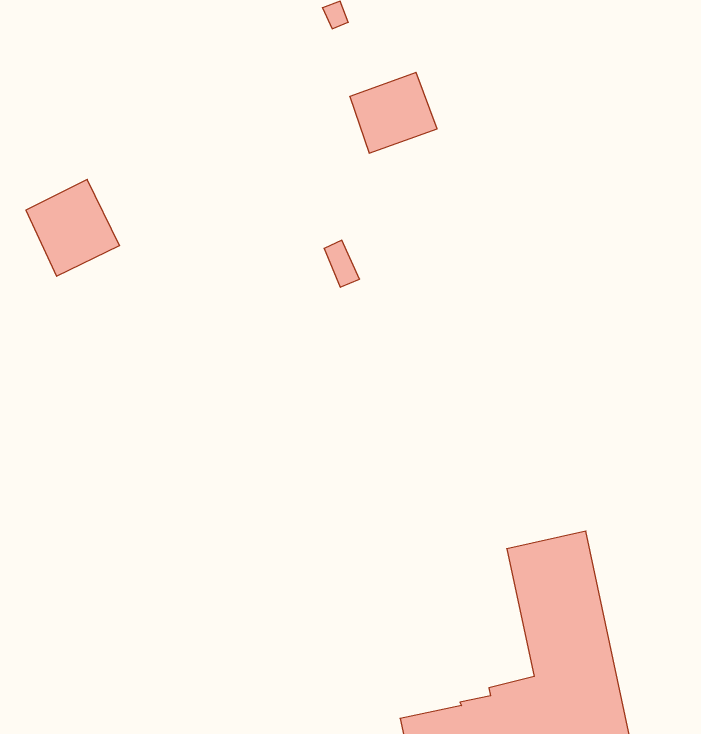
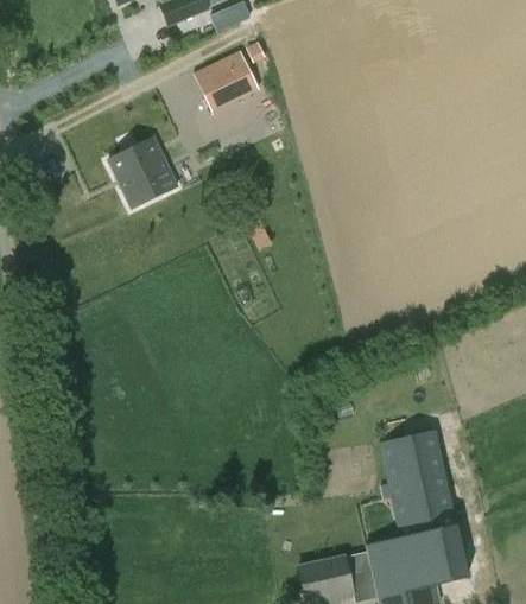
building: [350,72,437,153] -> [190,50,254,109]
building: [26,179,120,276] -> [109,138,178,209]

